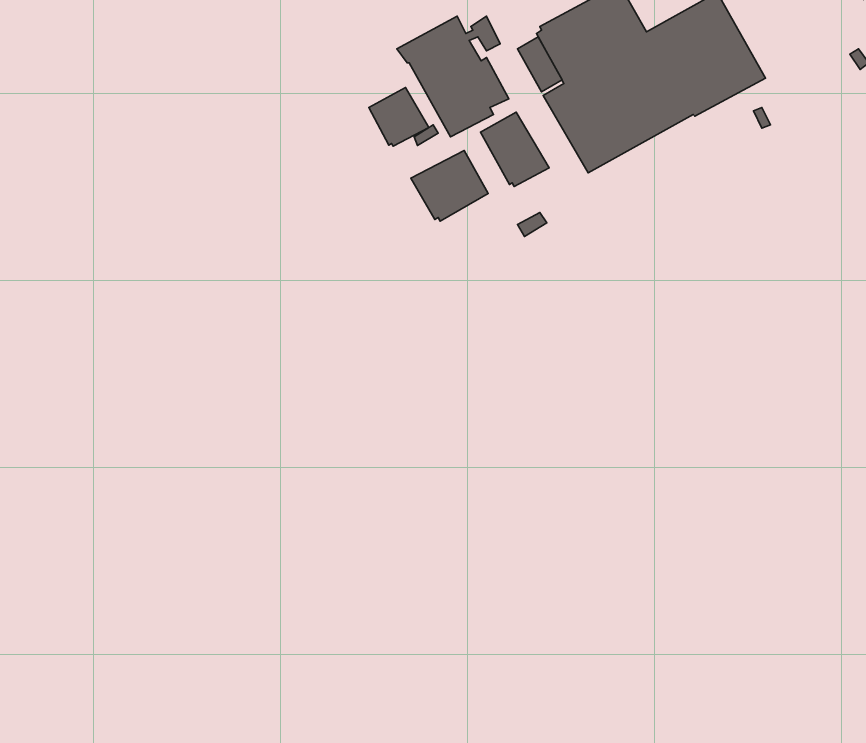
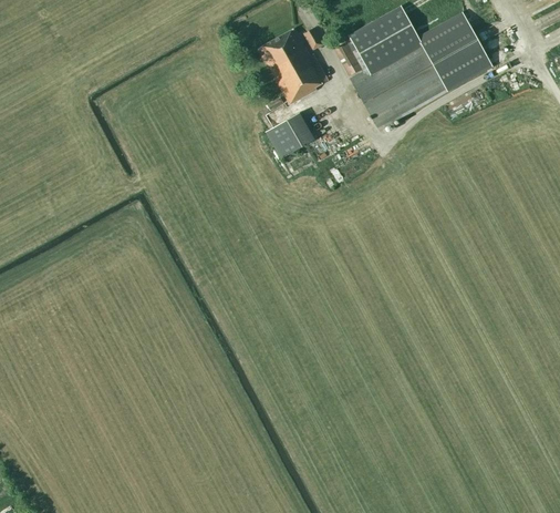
building: [369,88,429,146] -> none
building: [480,112,549,186] -> none

